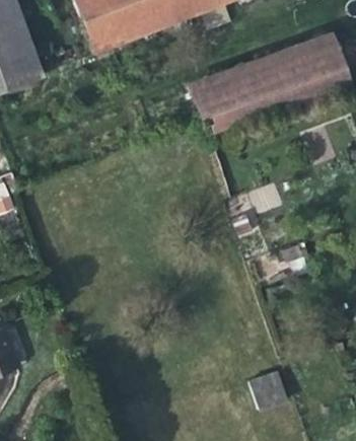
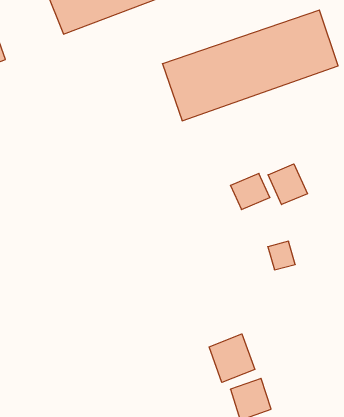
building: none -> [268,164,307,205]
building: none -> [209,334,255,382]

